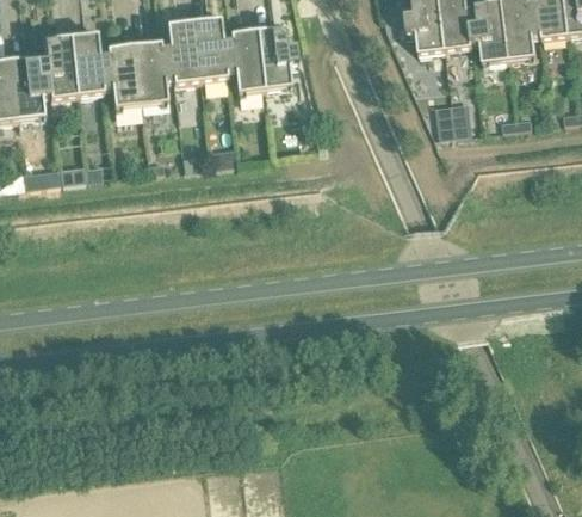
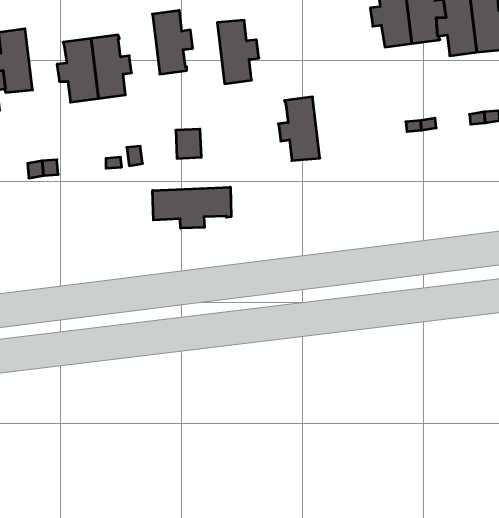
building: [160,20,200,82] -> none
building: [223,29,264,91] -> [278,97,320,161]
building: [69,32,110,94] -> none
building: none -> [153,187,231,228]

